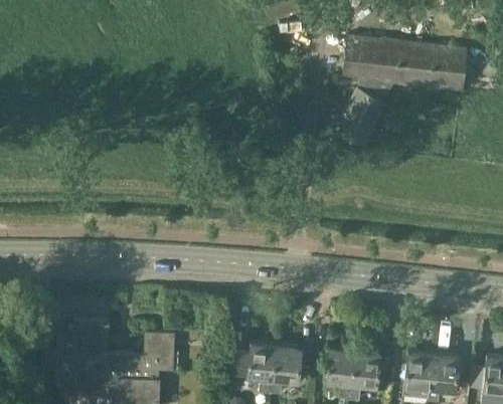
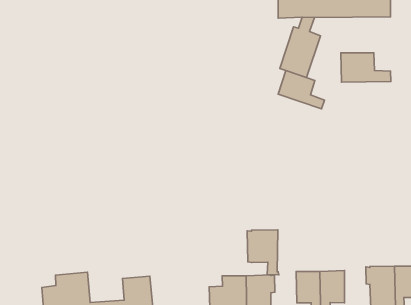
building: none -> [341,53,391,82]
building: none -> [278,70,324,109]
building: none -> [247,230,279,275]

